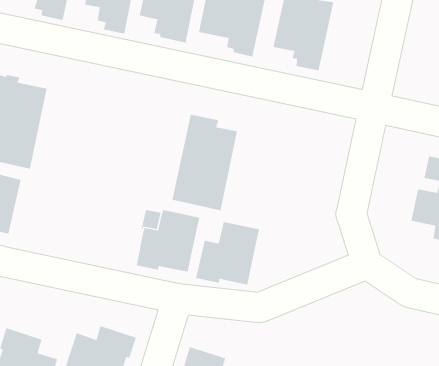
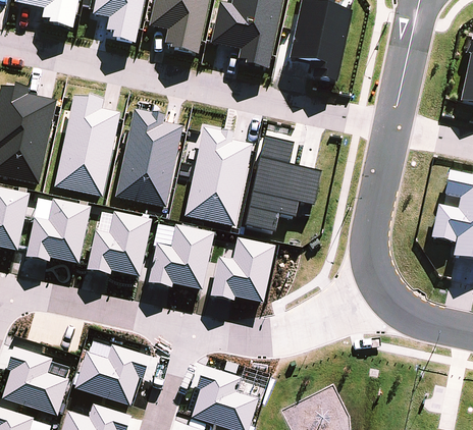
building: none -> [55,94,120,197]
building: none -> [116,108,183,207]
building: none -> [244,138,320,233]
building: none -> [27,199,91,263]
building: none -> [88,212,152,276]

